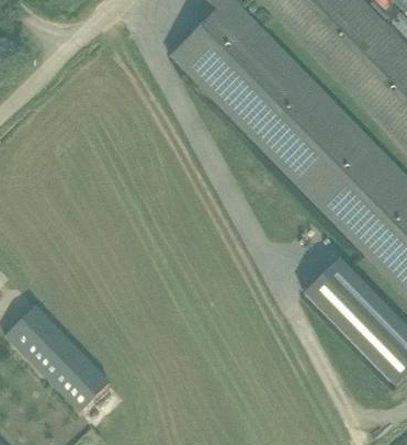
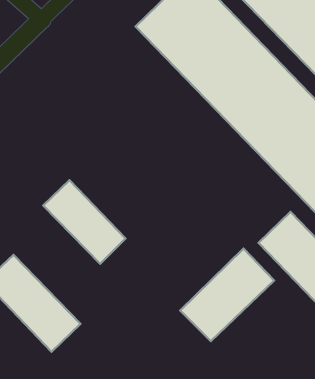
building: none -> [43,180,126,264]
building: none -> [180,249,274,341]

